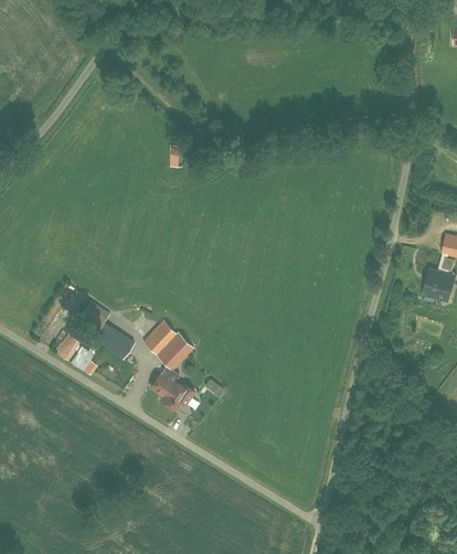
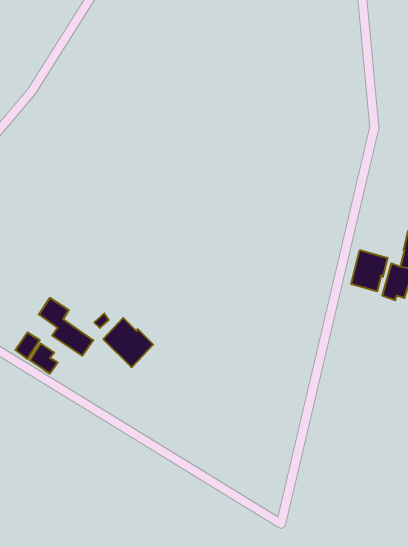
building: none -> [351,250,388,291]
building: [150,369,194,409] -> none

